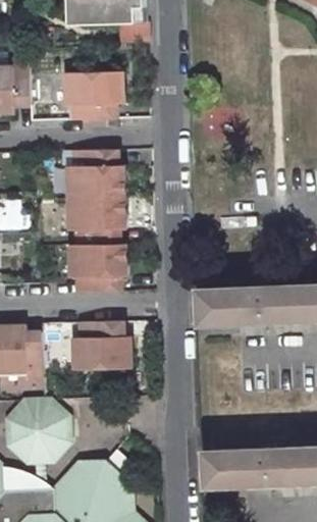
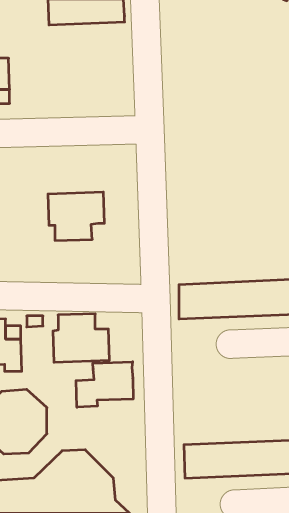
building: [65,72,121,121] -> none
building: [68,149,124,198] -> none
building: [69,243,126,292] -> none
building: none -> [76,362,133,407]

